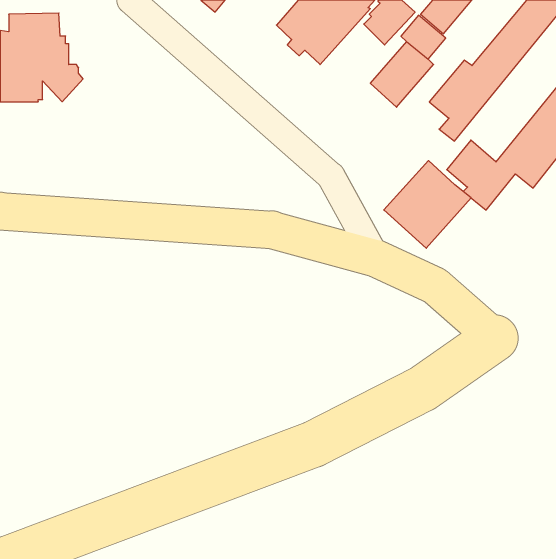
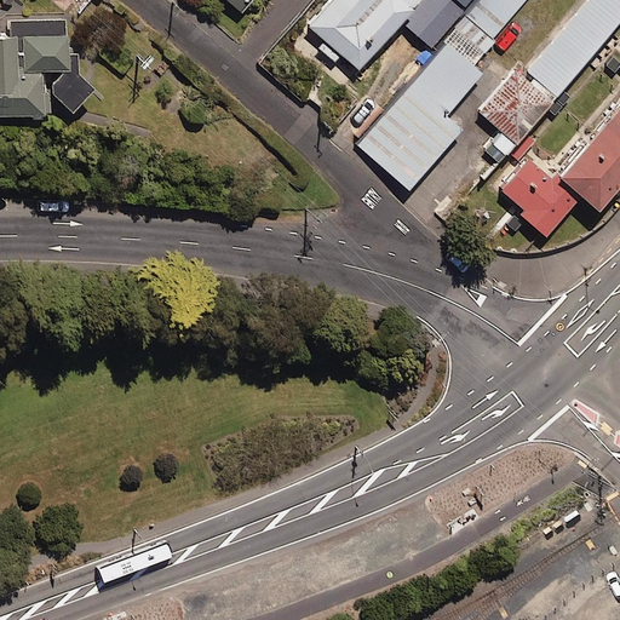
building: [384,161,471,248] -> [363,92,460,189]

